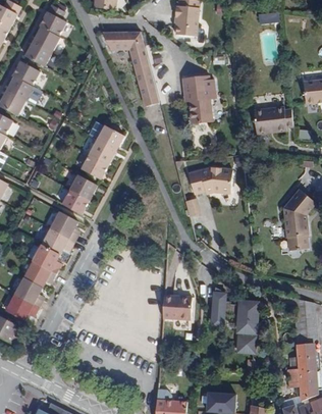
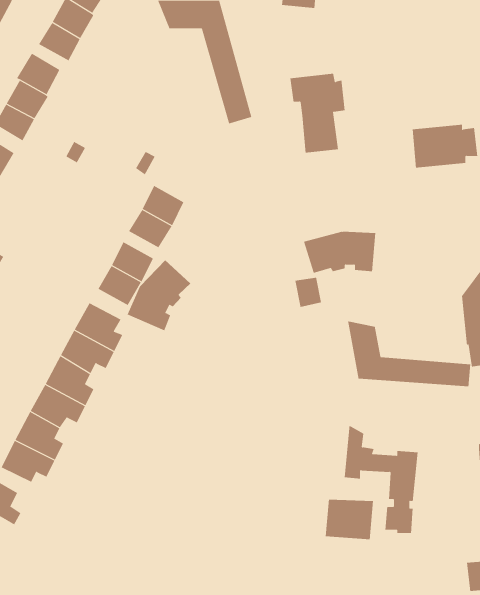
building: [98,126,125,152] -> none
building: none -> [127,259,191,331]
building: none -> [347,321,471,387]
building: [161,294,191,318] -> [325,499,374,540]

